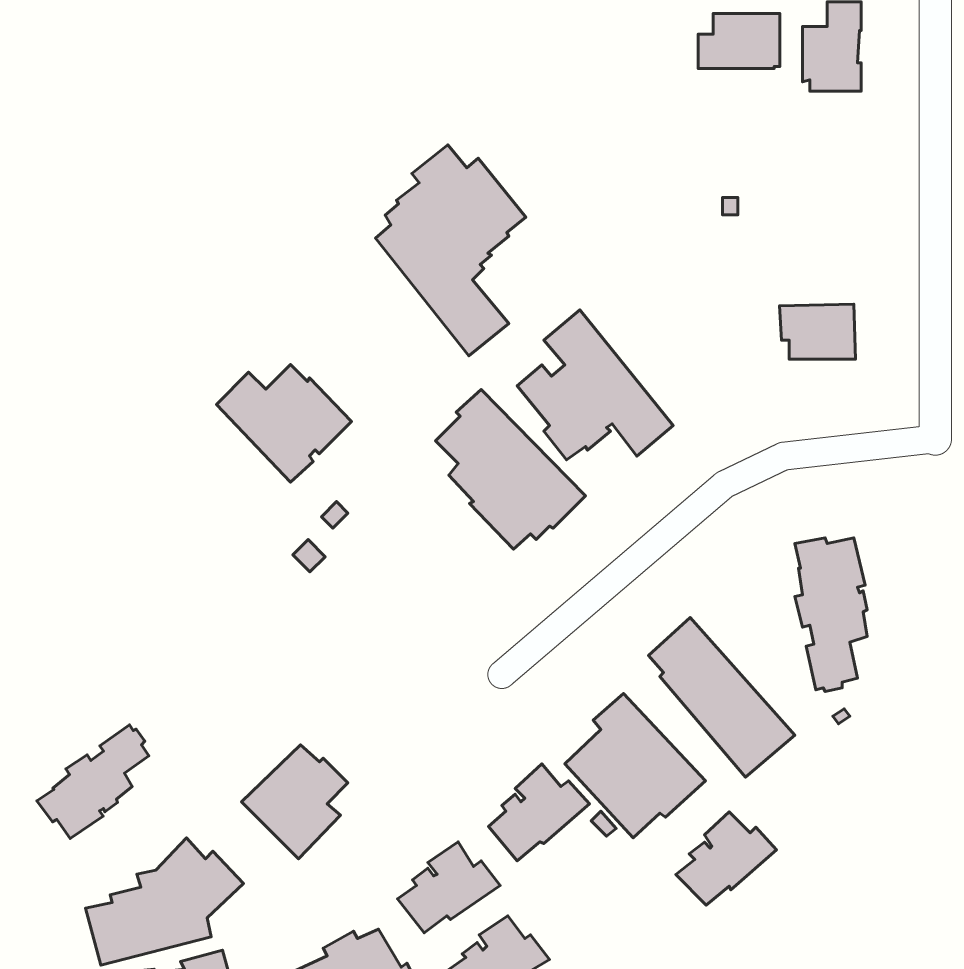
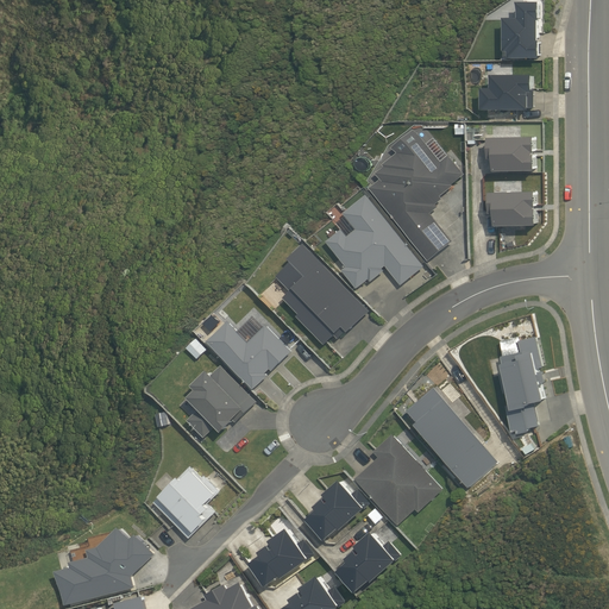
building: [698,13,780,68] -> [481,75,532,109]
building: [376,145,526,356] -> [368,130,462,262]
building: none -> [486,137,534,171]
building: [216,364,351,482] -> [205,316,289,390]
building: none -> [184,365,255,439]
building: [37,725,149,838] -> none
building: [676,812,777,905] -> [337,532,400,590]

